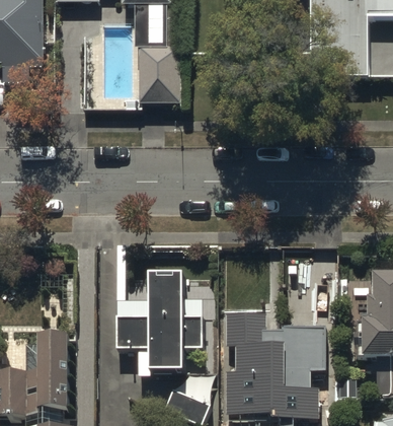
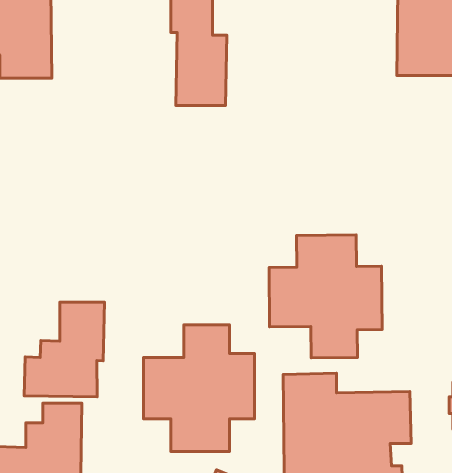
building: none -> [269,235,382,358]
building: none -> [24,302,105,397]

